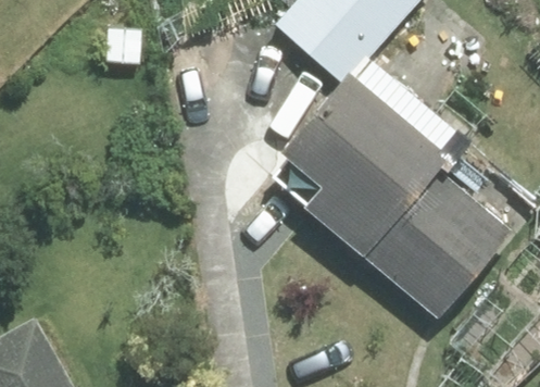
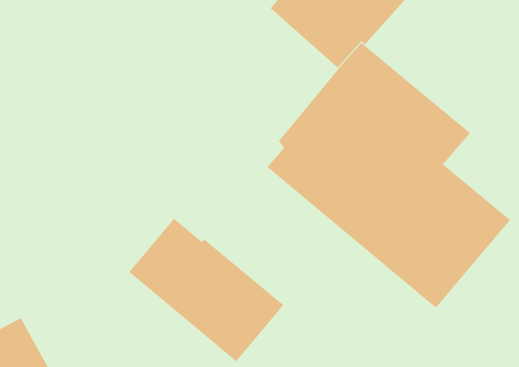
building: none -> [128,218,284,362]

